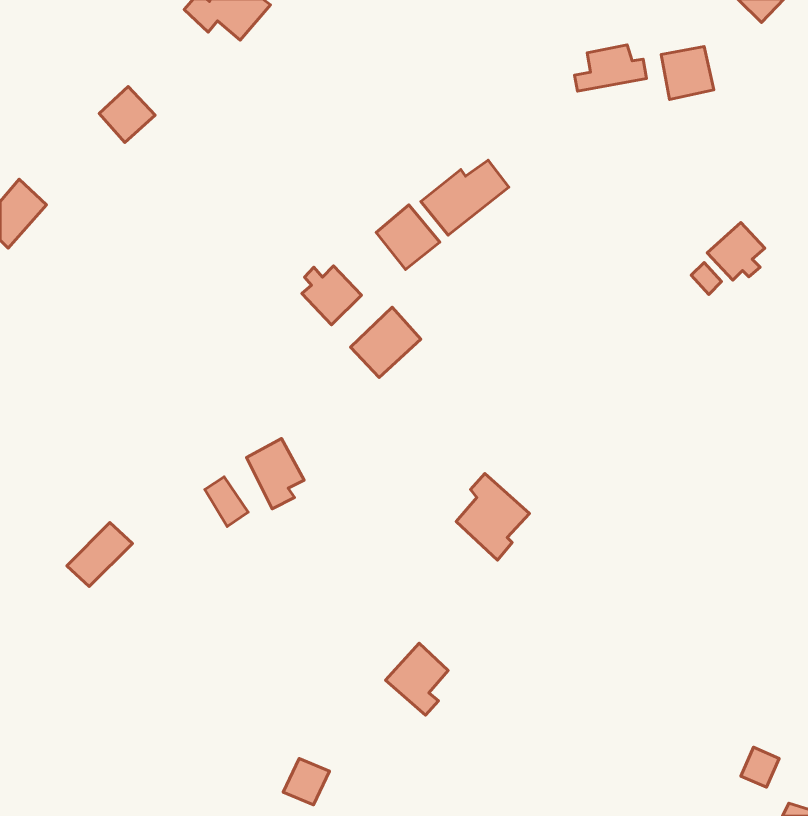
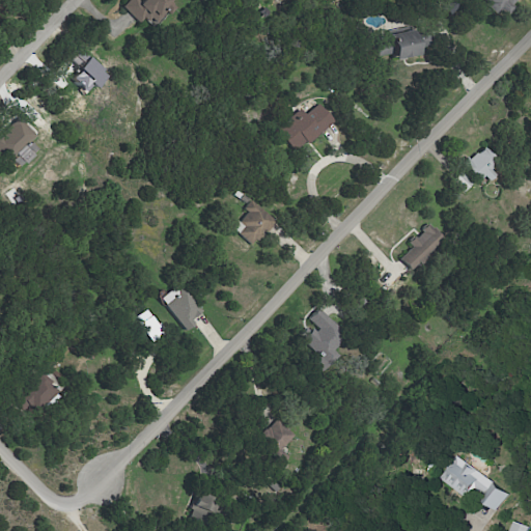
building: [661,47,714,99] -> none
building: [376,205,440,269] -> none
building: [302,266,361,325] -> none
building: none -> [398,223,447,271]
building: [67,523,132,587] -> [20,374,62,416]
building: none -> [445,455,492,499]

